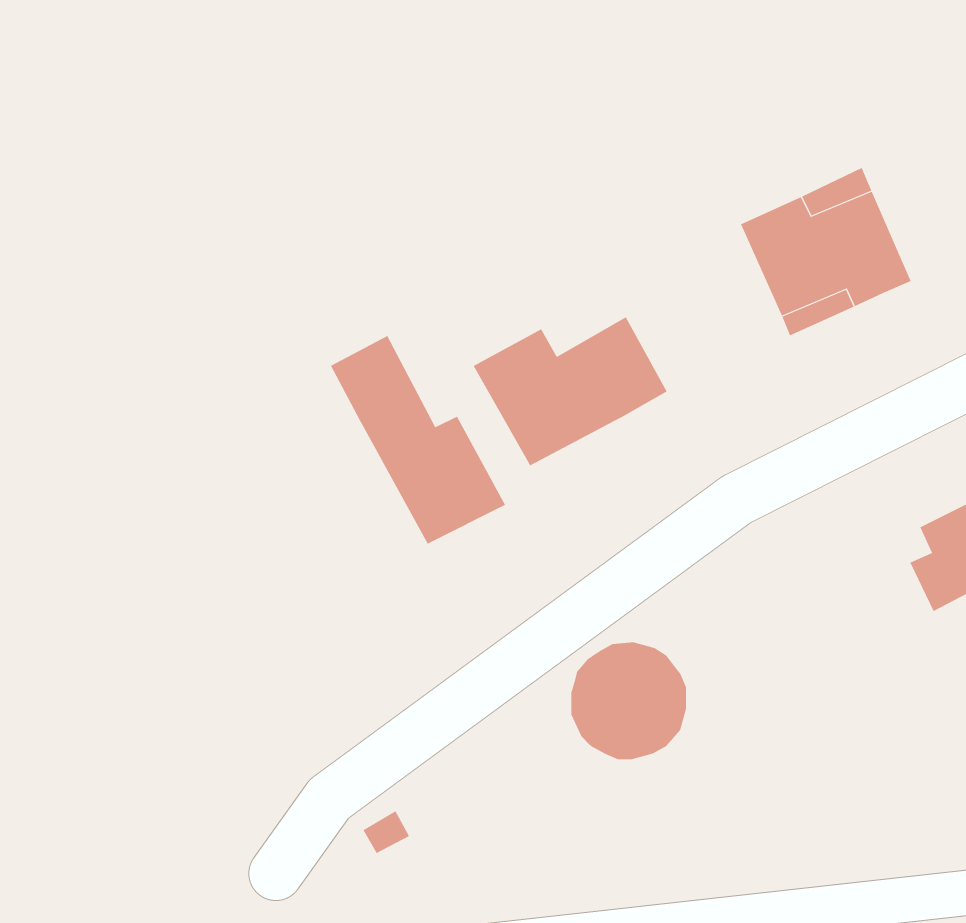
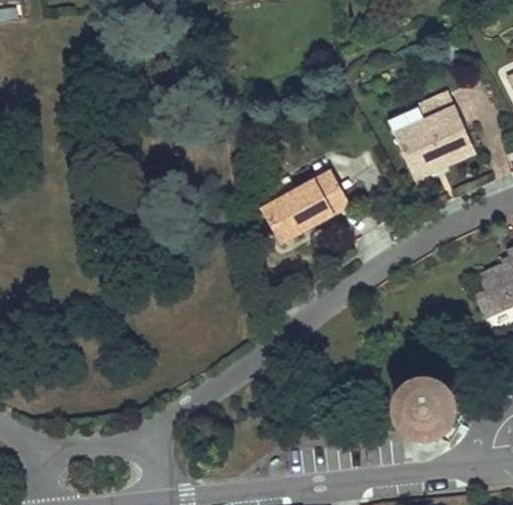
building: [330,335,506,544] -> none
building: [571,642,687,760] -> [394,380,453,440]

